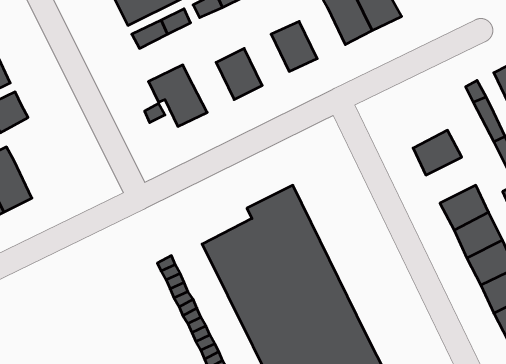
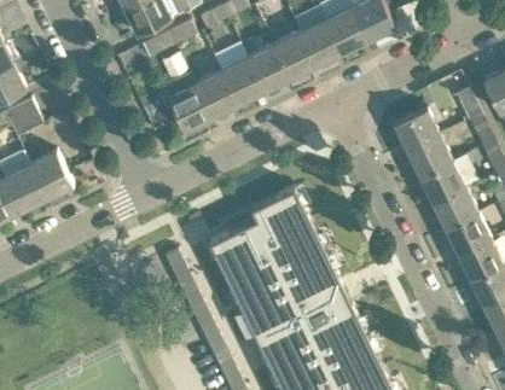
building: none -> [298,17,342,65]
building: none -> [246,42,289,91]
building: none -> [193,69,237,116]
building: none -> [393,106,439,150]
building: none -> [29,149,72,197]
building: none -> [418,158,465,202]

